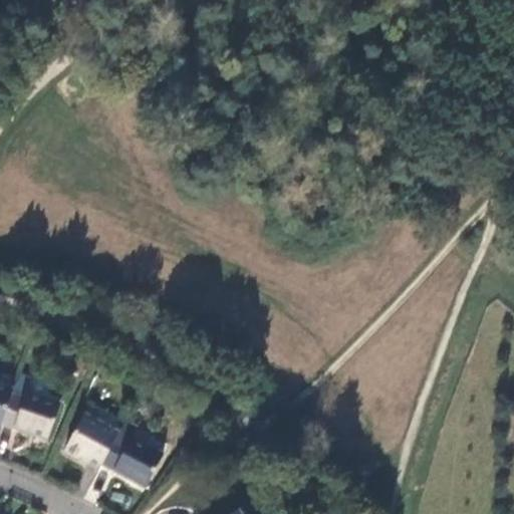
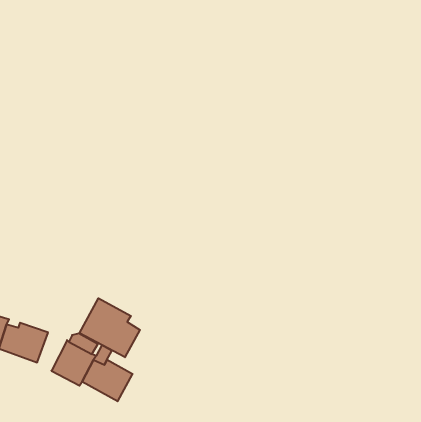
building: none -> [79,298,140,357]

